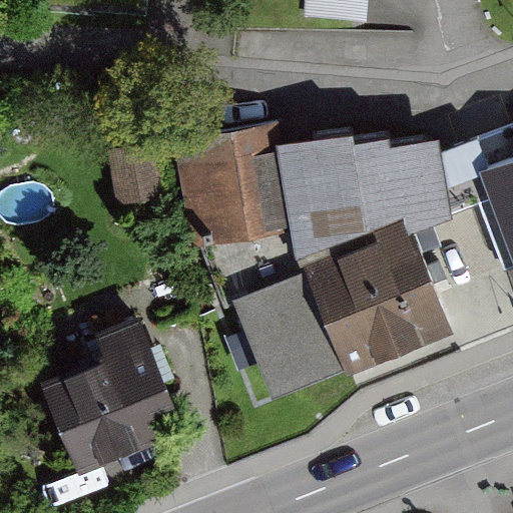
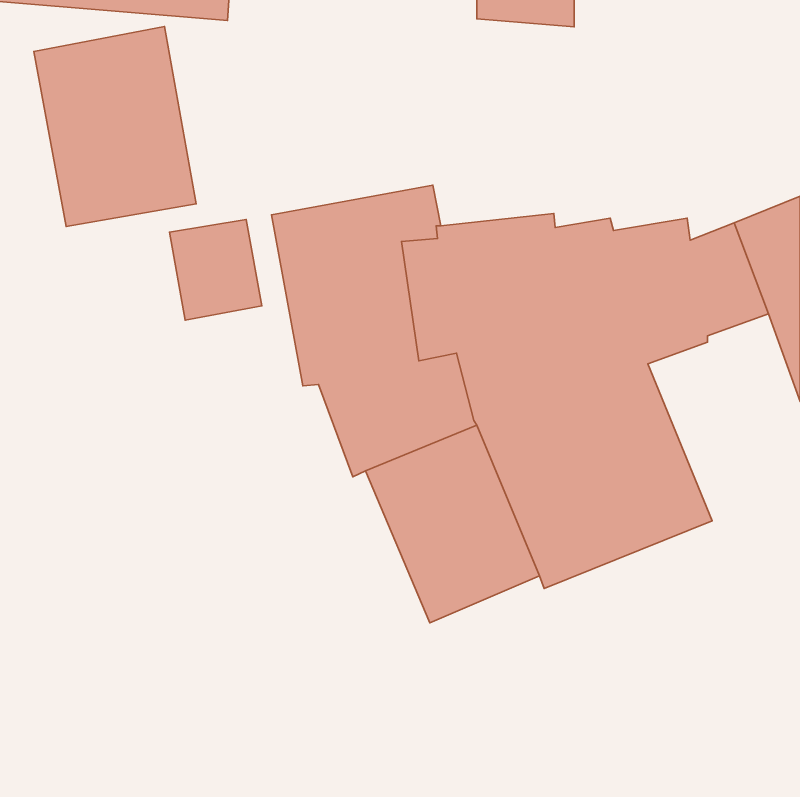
building: none -> [34,26,196,226]
building: [43,320,177,474] -> none

